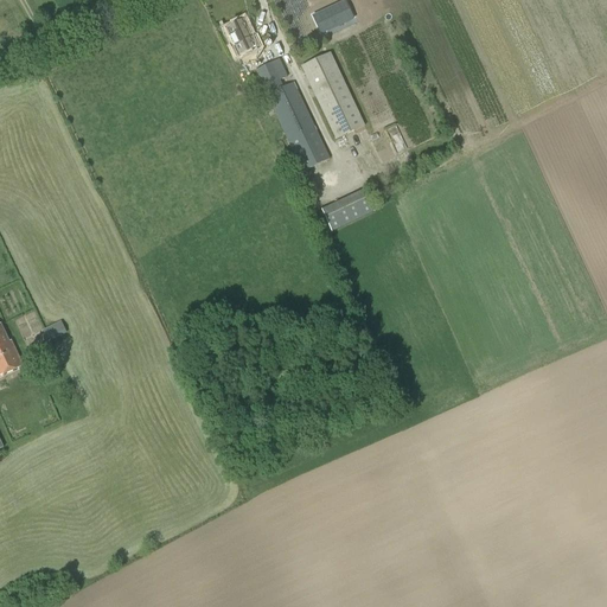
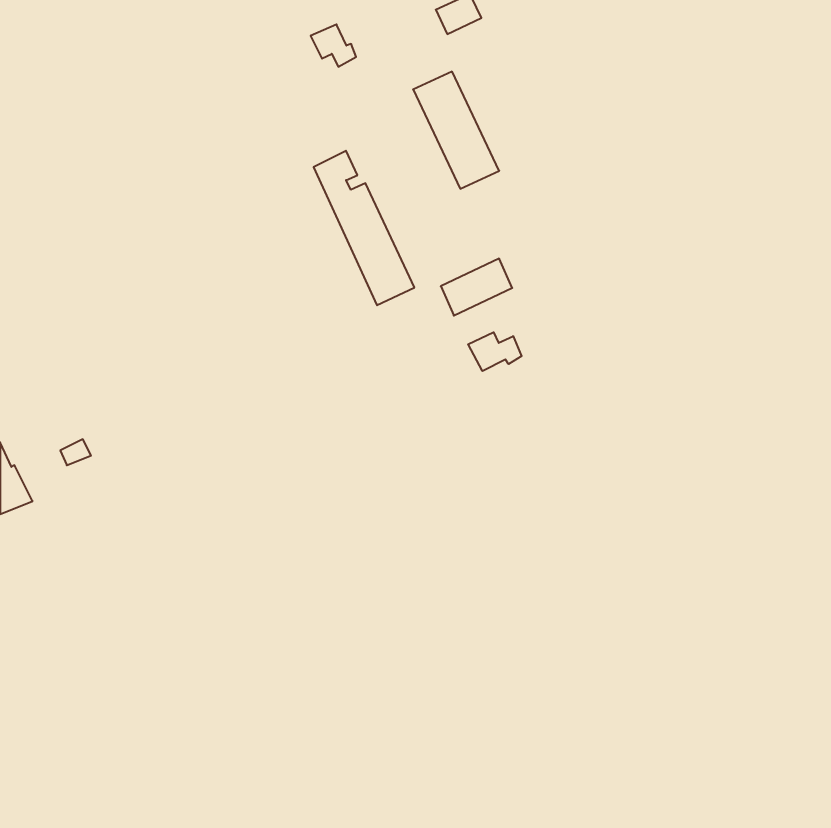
building: [257,57,331,170] -> [314,151,414,305]
building: none -> [468,332,522,371]

